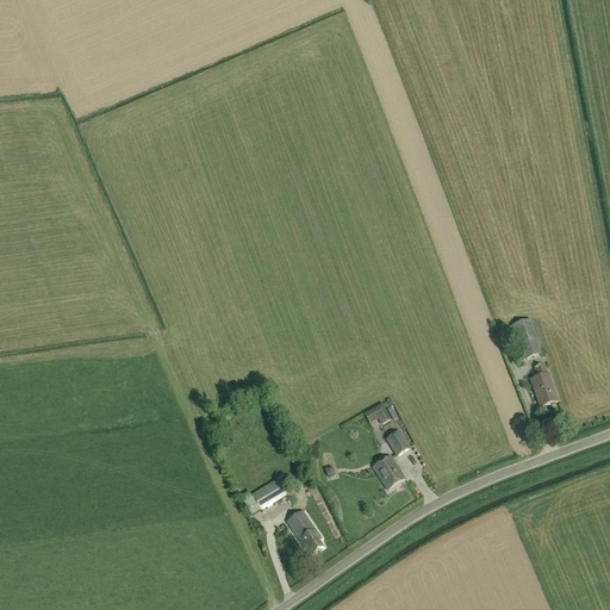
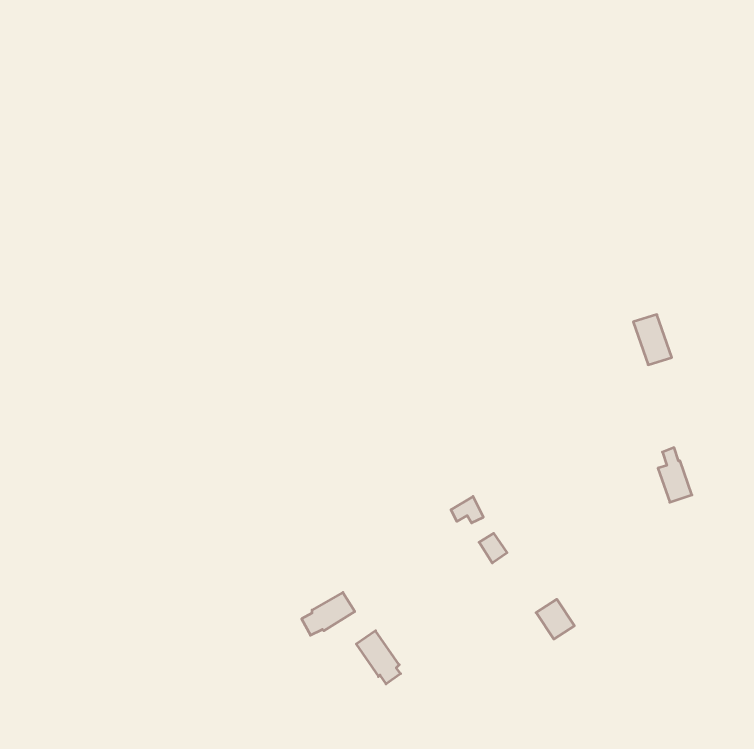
building: [511,317,542,357] -> [633,315,672,365]
building: [373,455,404,487] -> [536,599,574,639]

